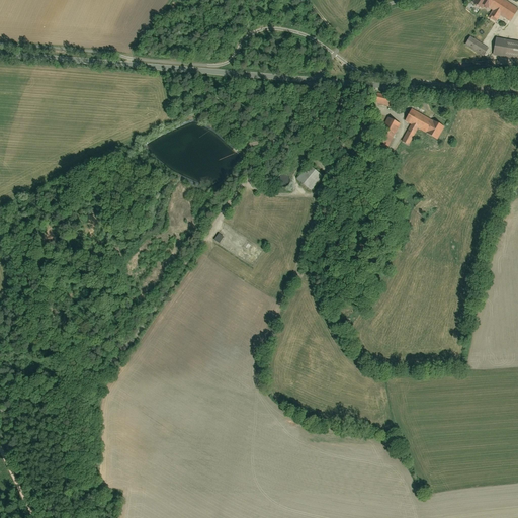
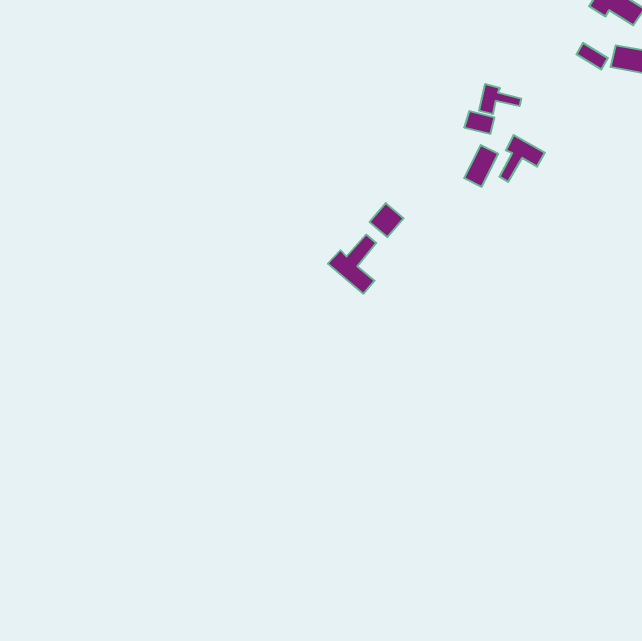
building: none -> [479,84,521,114]
building: none -> [328,235,376,294]

